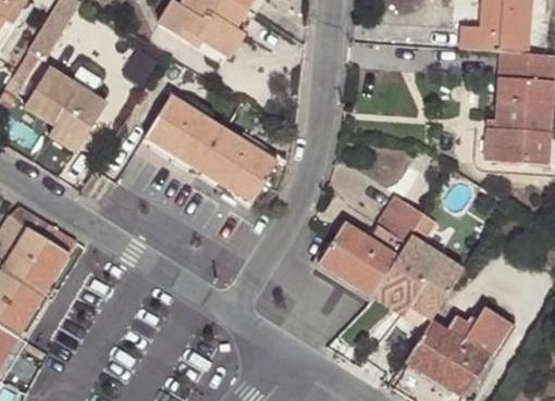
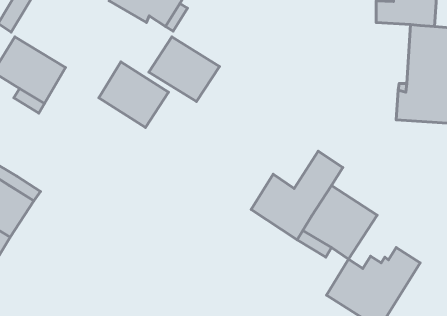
building: [198,128,279,202] -> [149,37,220,102]

